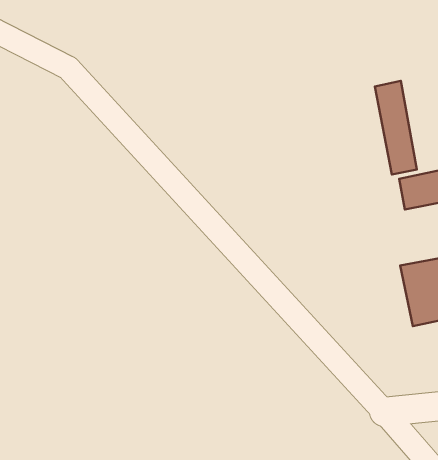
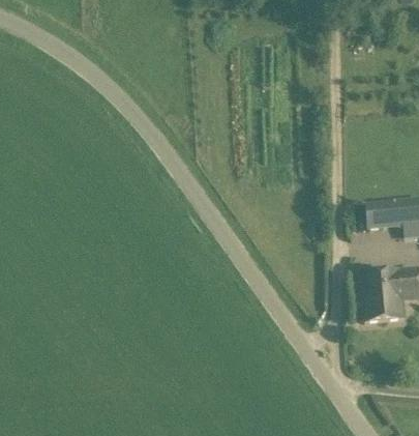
building: [375,81,417,175] -> none

